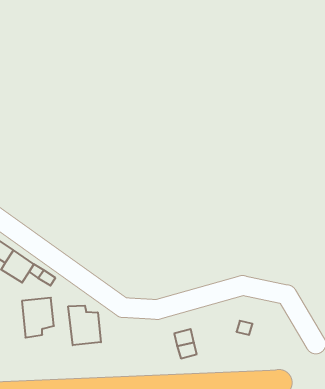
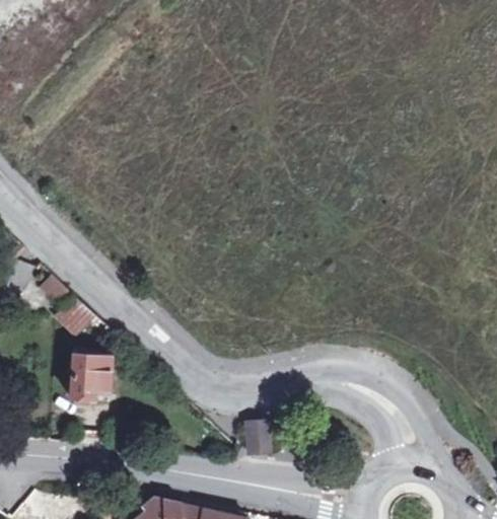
building: [68,306,101,345] -> none

